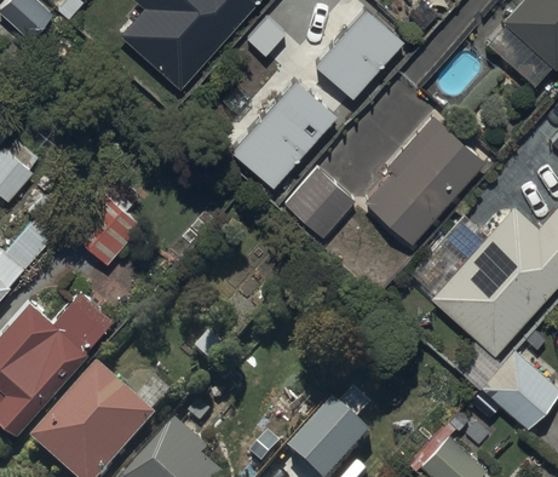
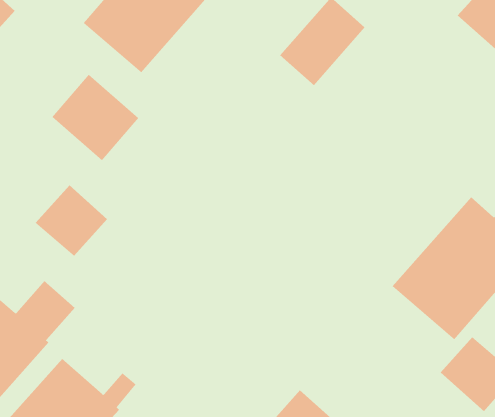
building: [234,79,339,188] -> none
building: none -> [52,74,139,161]
building: [359,117,483,243] -> none
building: [287,168,357,237] -> none

